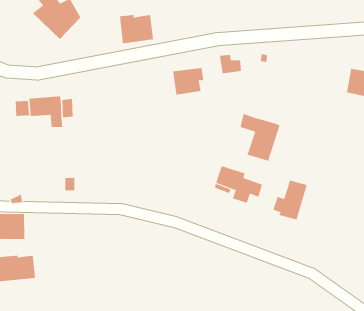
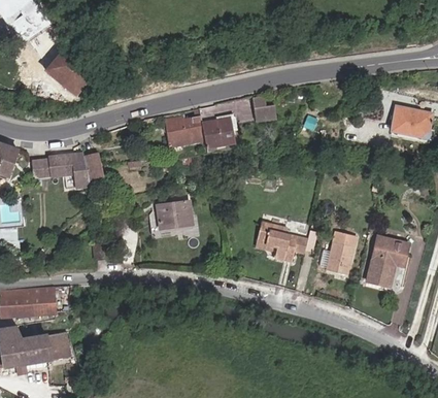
building: [119,14,154,44] -> [166,115,205,150]
building: [240,113,280,162] -> none
building: none -> [159,202,194,230]
building: none -> [367,236,406,286]

